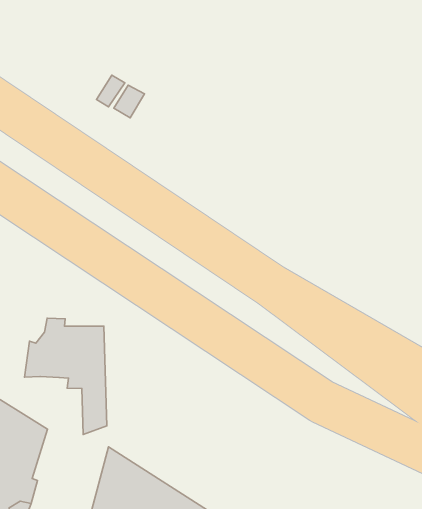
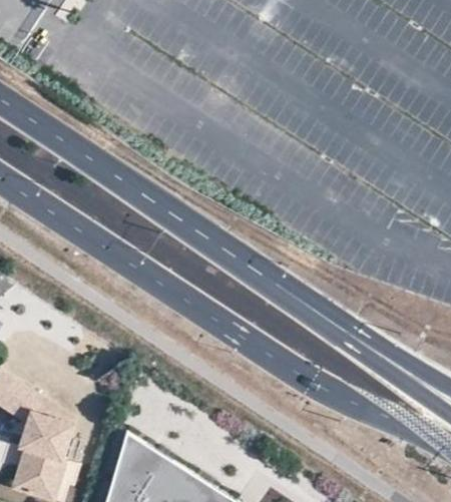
building: [24,318,107,435] -> none

